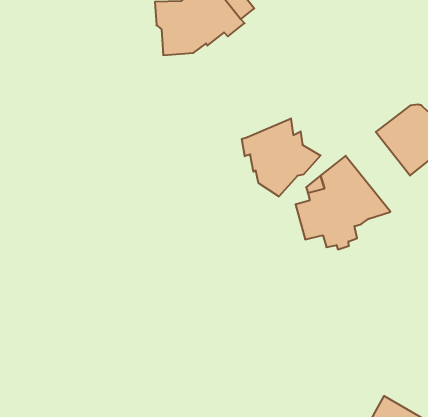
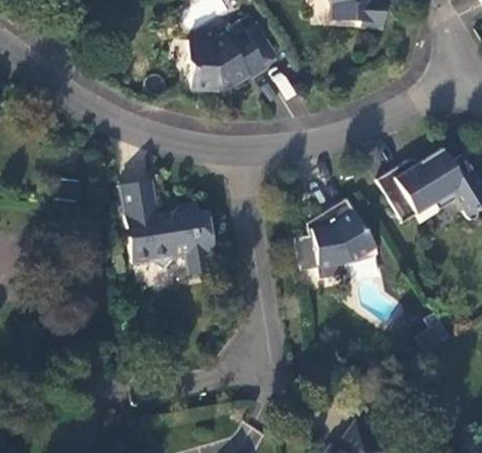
building: [242,118,321,197] -> none
building: none -> [119,179,214,274]

